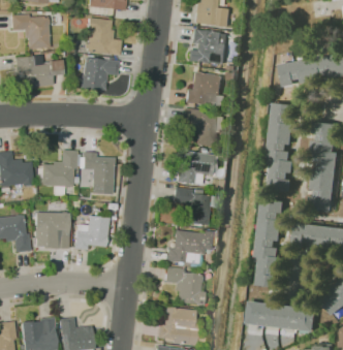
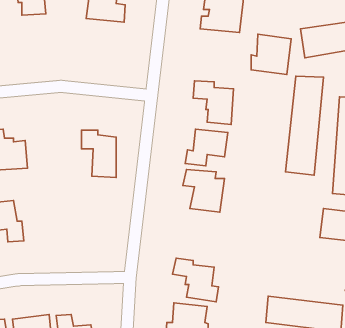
building: [13,55,62,89] -> none
building: [80,57,119,90] -> none
building: [186,71,222,107] -> [251,34,291,74]
building: [40,150,76,186] -> none
building: [251,198,284,287] -> none
building: [34,212,68,248] -> none
building: [72,215,108,249] -> none
building: [166,230,212,262] -> none

